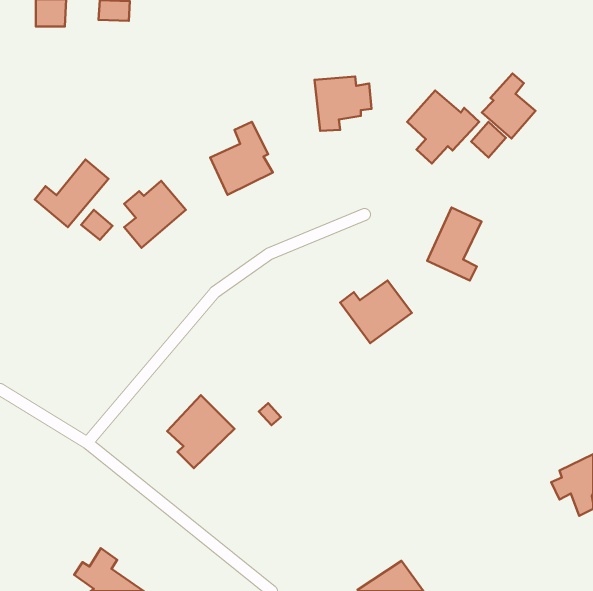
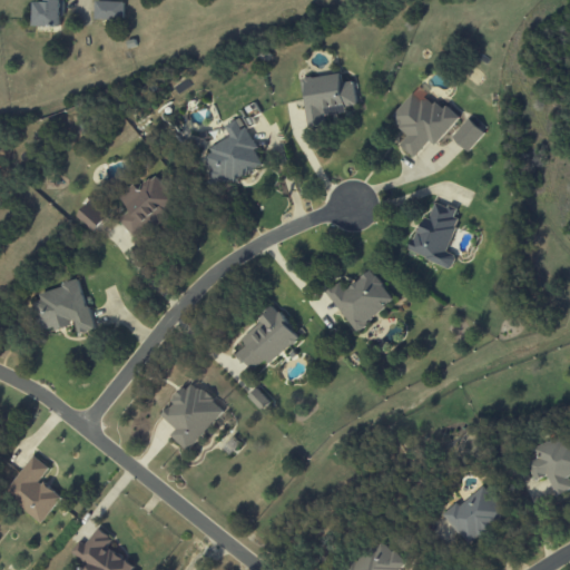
building: [482,73,536,139] -> none
building: [35,159,109,227] -> none
building: none -> [31,282,94,333]
building: none -> [237,308,299,370]
building: none -> [4,454,62,521]
building: none -> [442,484,508,546]

